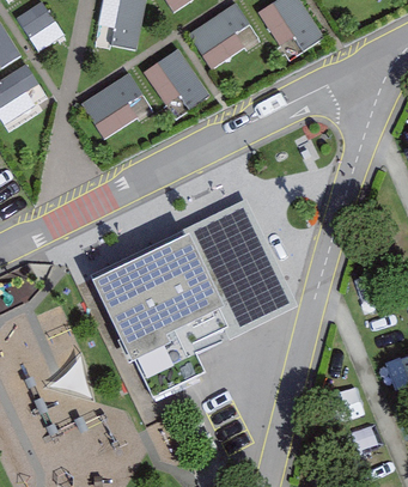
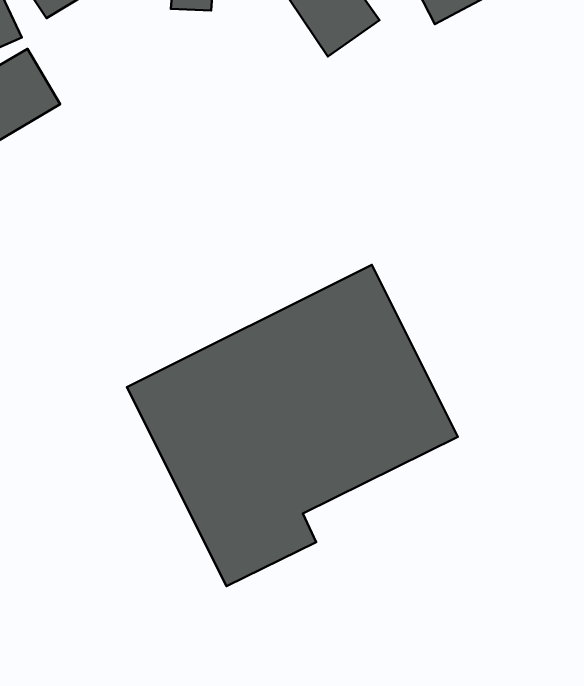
building: [144,47,208,115] -> none
building: [80,74,150,140] -> none

